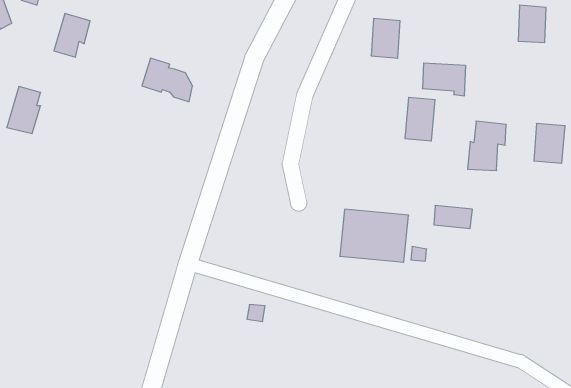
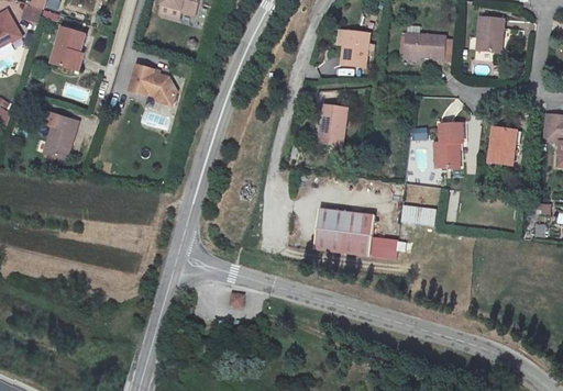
building: [422,63,466,96] -> [402,31,442,60]
building: [7,86,41,134] -> [47,112,78,155]
building: [405,97,435,141] -> [321,108,349,147]

